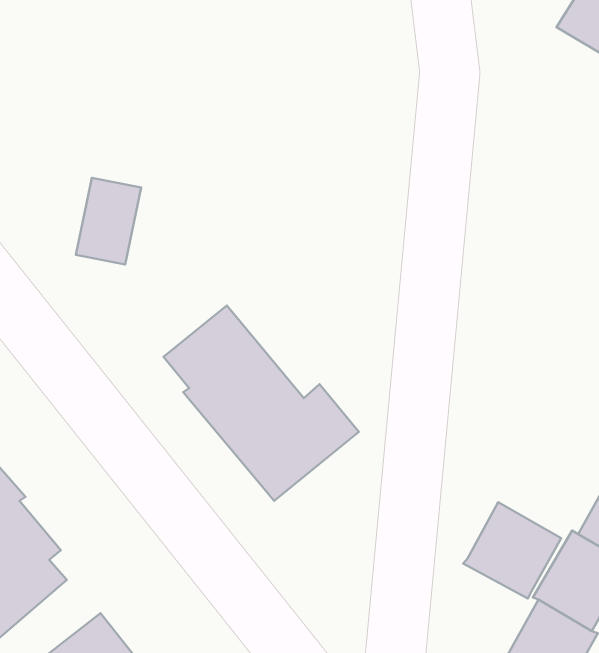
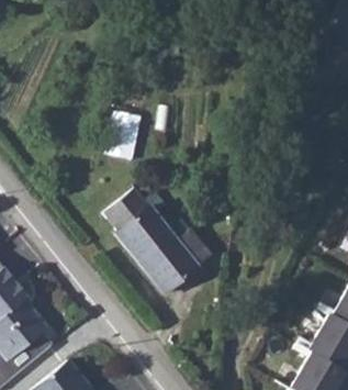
building: [76,178,141,265] -> [104,111,141,159]
building: [463,502,561,599] -> none

